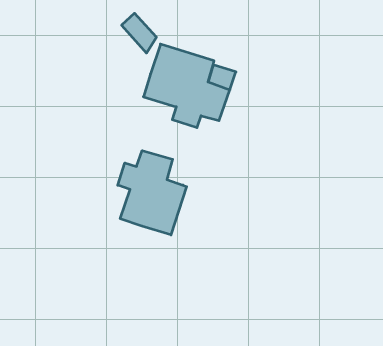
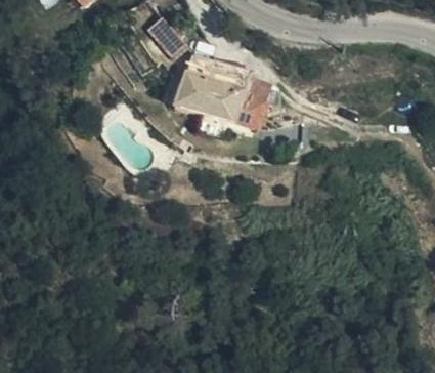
building: [118,151,187,235] -> none

